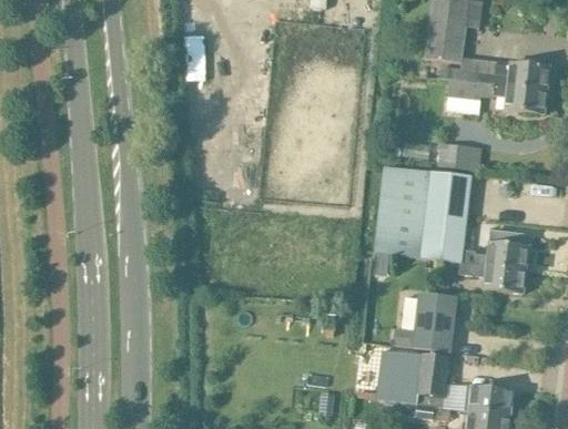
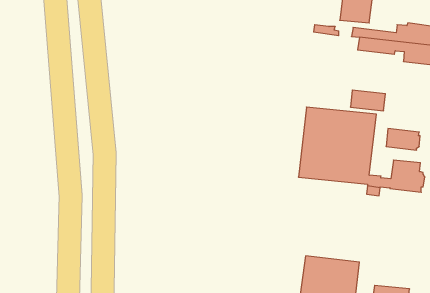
building: [485,266,527,293] -> [386,129,420,150]
building: [394,293,456,350] -> none

